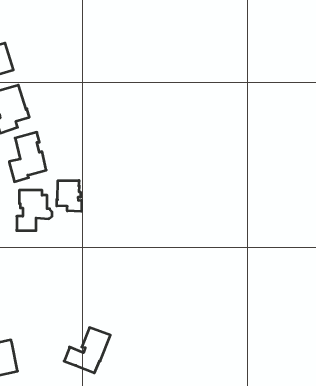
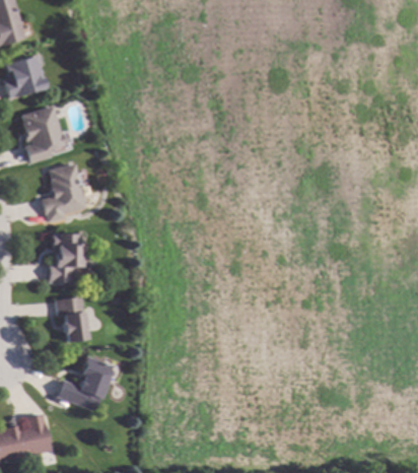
building: [57,180,82,211] -> none
building: none -> [56,296,88,342]
building: [64,328,110,373] -> [57,355,113,410]

